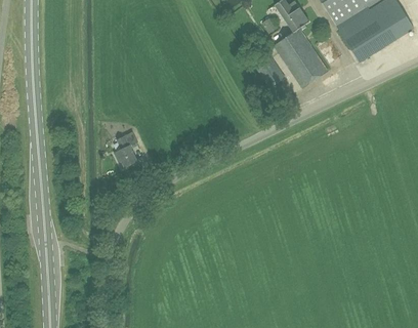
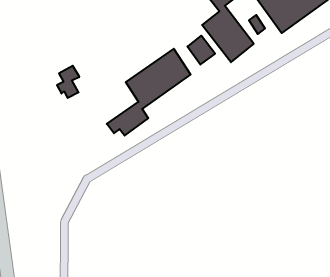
building: none -> [107,49,191,136]
building: [114,132,138,166] -> [57,66,79,98]

